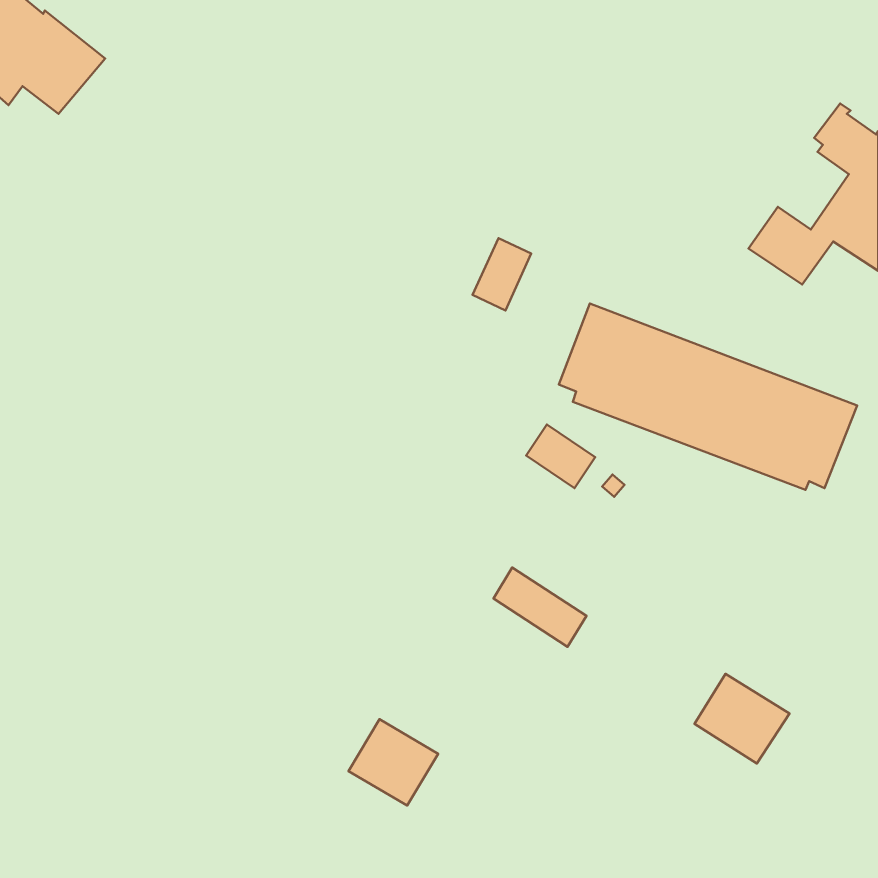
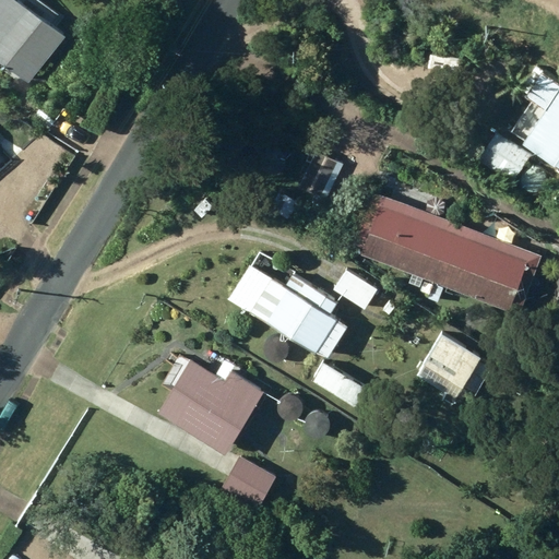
building: none -> [228,263,361,357]
building: none -> [158,360,264,454]
building: [695,674,789,764] -> [423,333,483,390]

